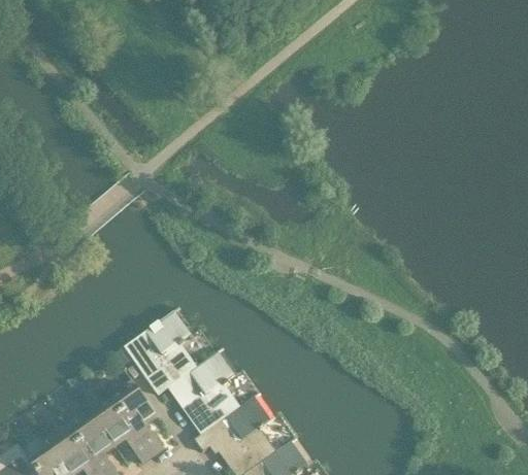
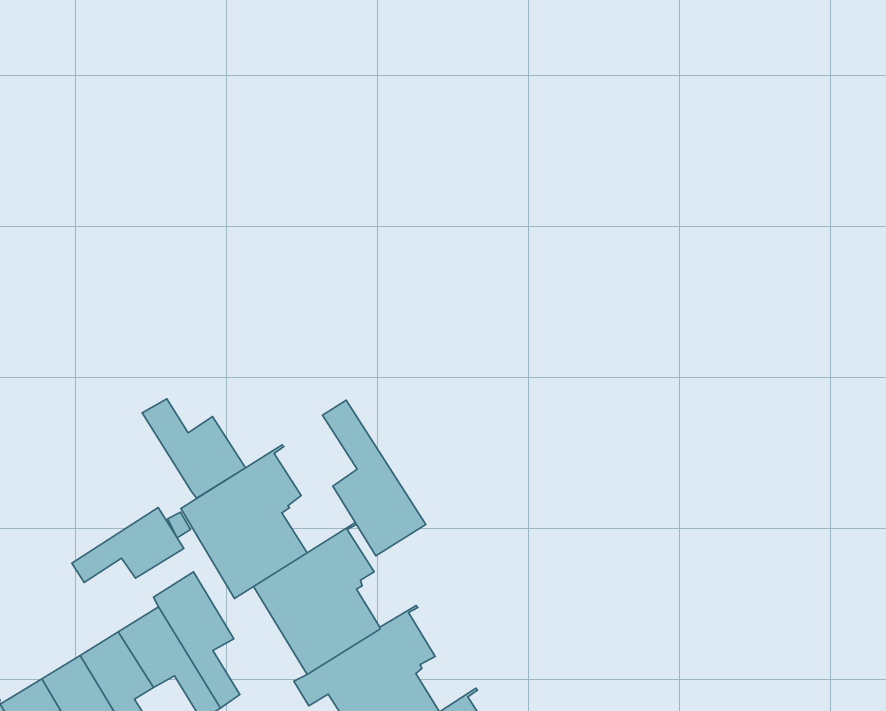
building: none -> [323,400,426,556]
building: none -> [142,399,246,498]
building: none -> [72,508,184,582]

